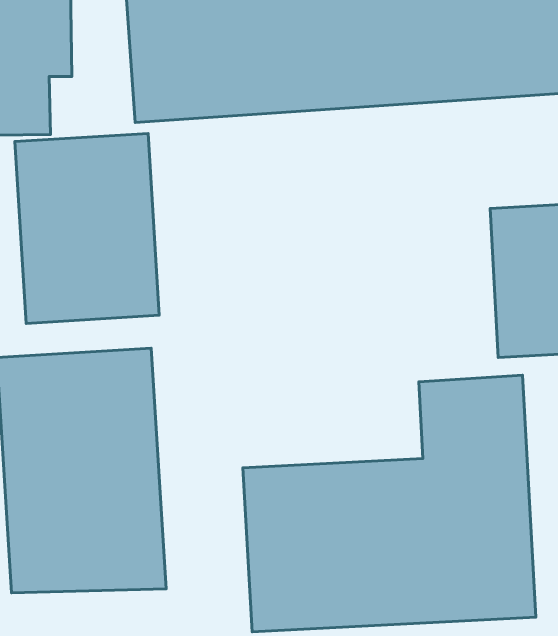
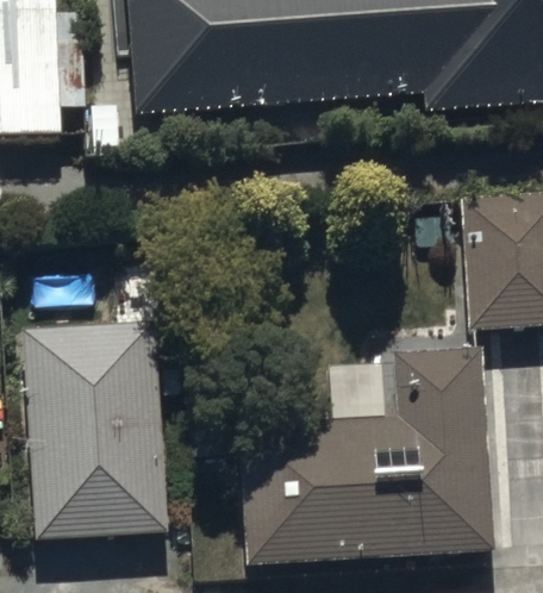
building: [15,133,159,323] -> none

